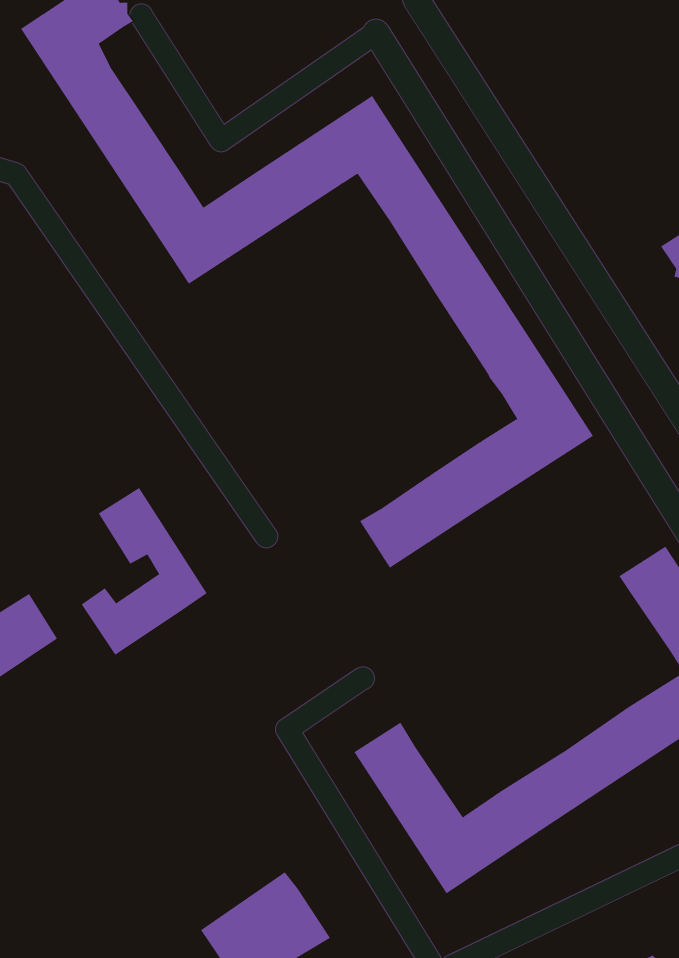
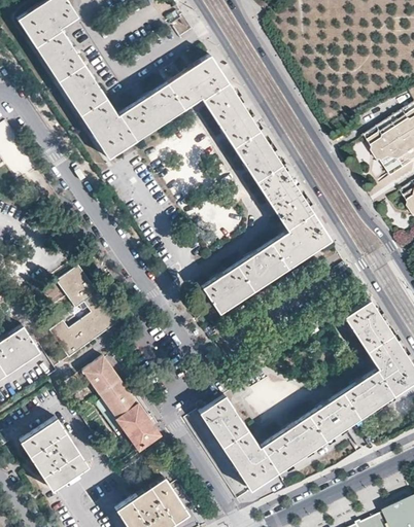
building: none -> [83,358,160,451]
building: none -> [21,418,89,490]

